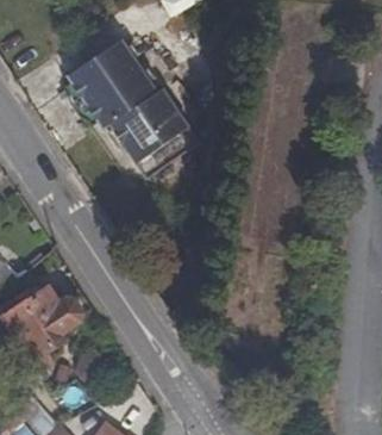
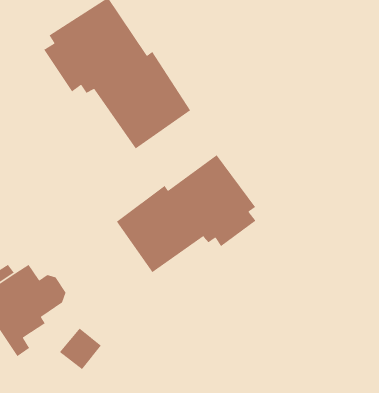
building: none -> [116,154,257,273]

